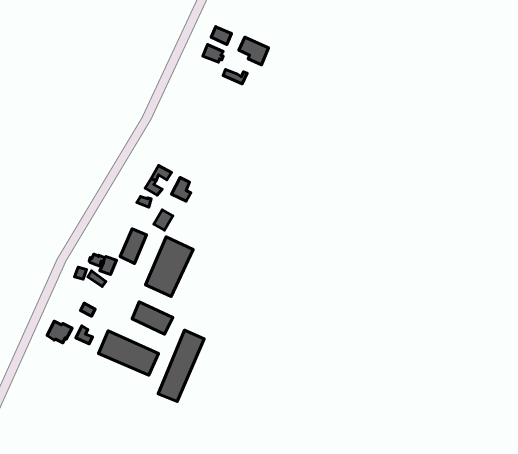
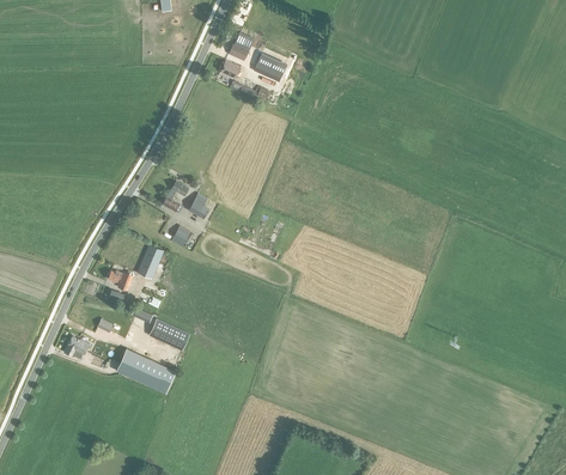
building: [146,237,193,296] -> none
building: [158,330,204,402] -> none

